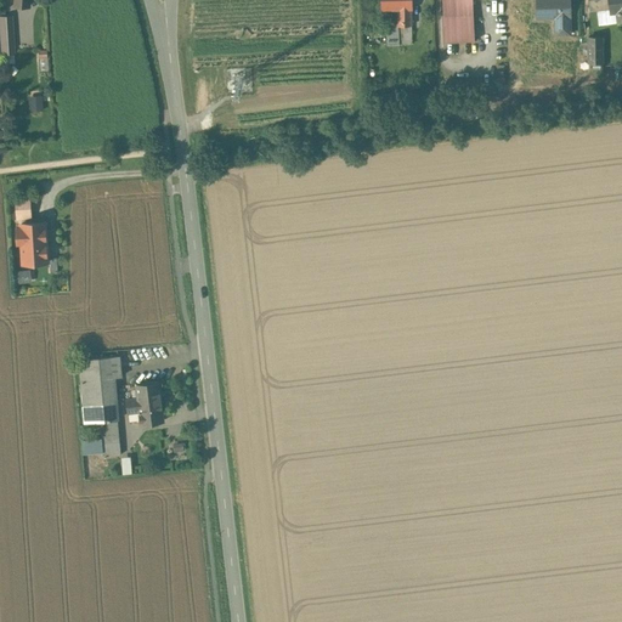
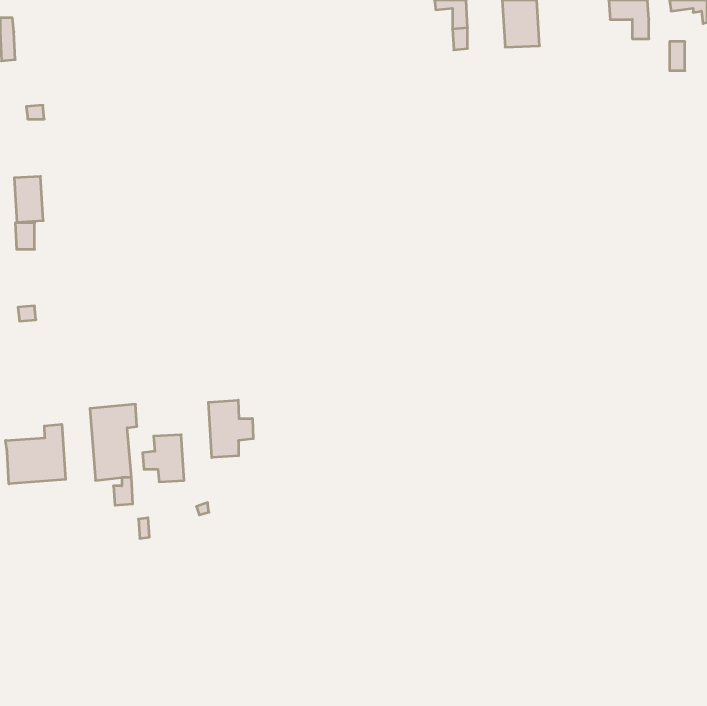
building: [21,224,46,264] -> [14,176,43,222]
building: none -> [208,400,253,458]
building: none -> [6,424,66,484]

